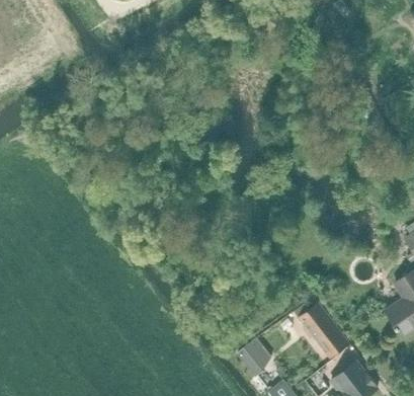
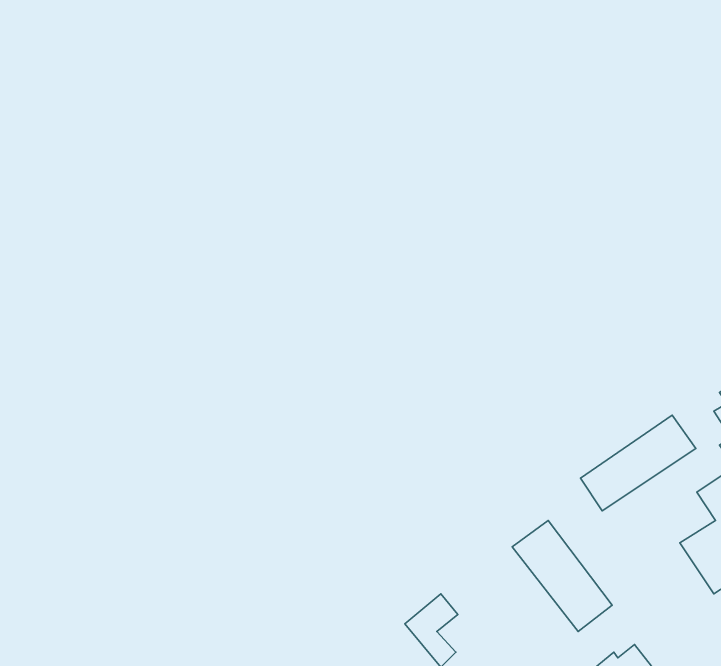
building: none -> [580,415,696,511]

